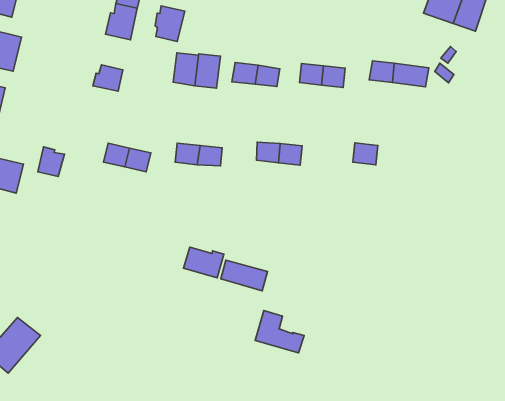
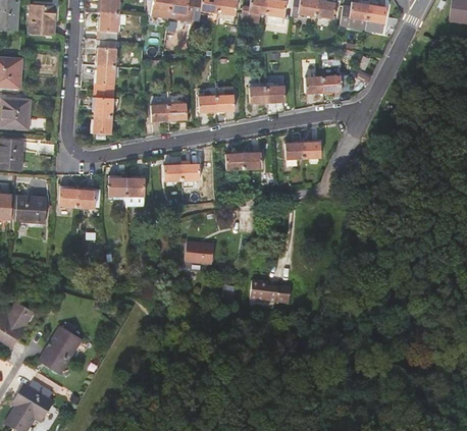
building: [155,6,185,41] -> [93,90,114,115]
building: none -> [286,142,304,166]
building: none -> [75,186,96,214]
building: [221,260,268,291] -> none

